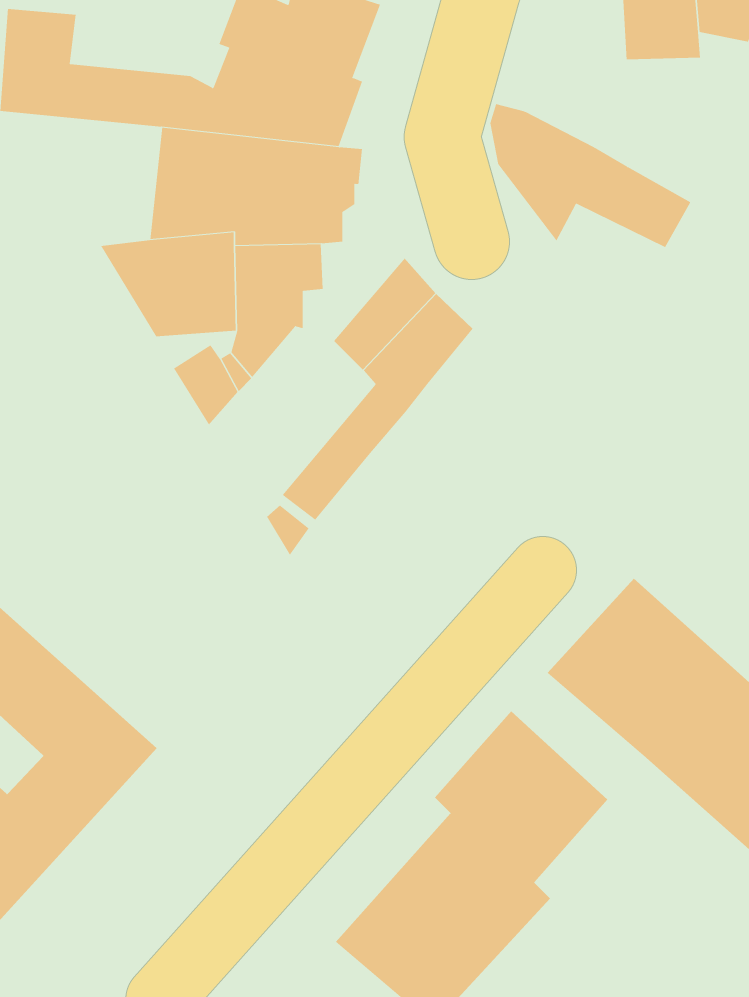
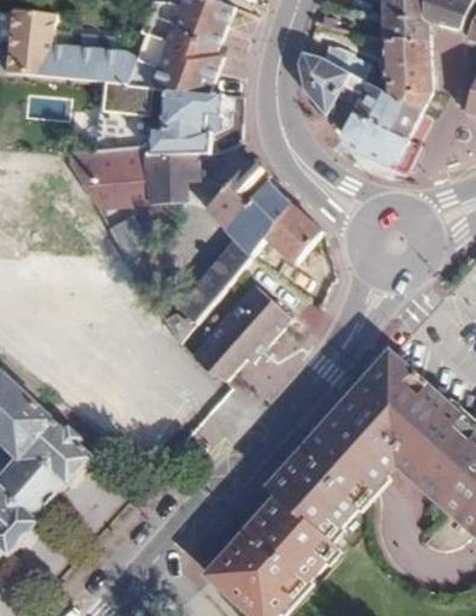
building: none -> [383,37,433,125]
building: none -> [322,43,369,91]
building: none -> [341,126,407,178]
building: none -> [263,202,320,262]
building: none -> [191,284,291,378]
building: none -> [314,411,395,488]

